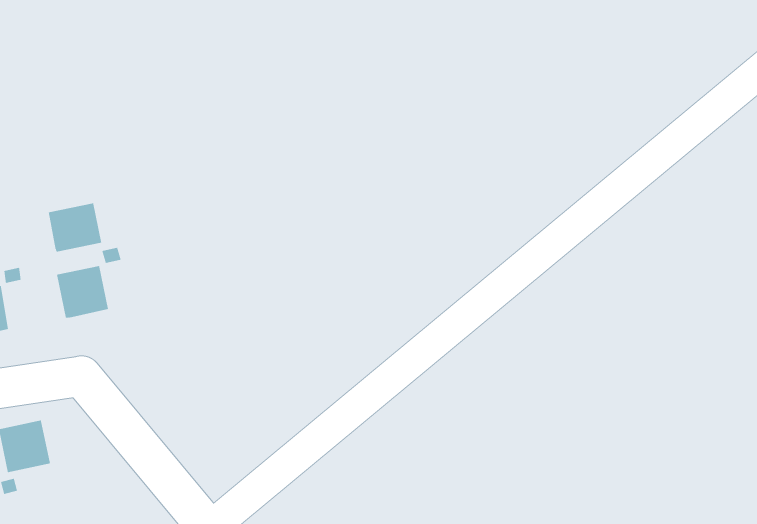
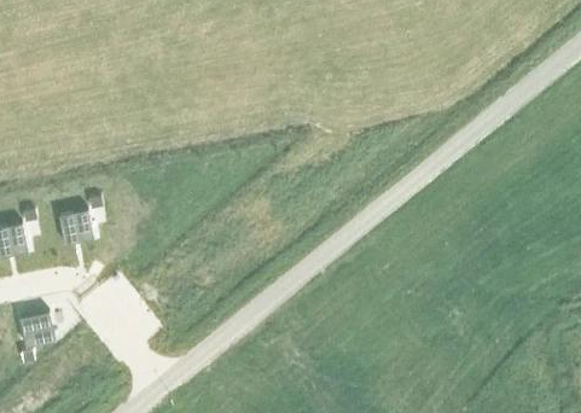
building: [48,203,102,252] -> none

